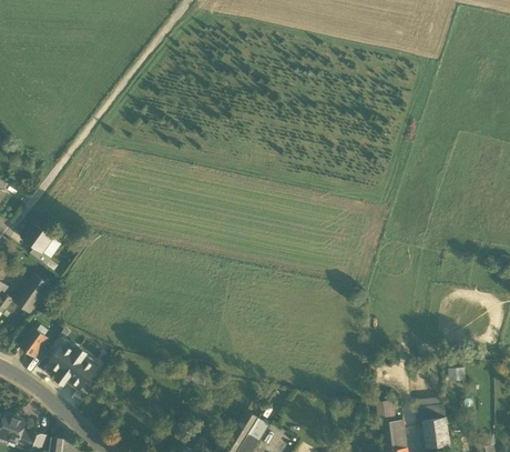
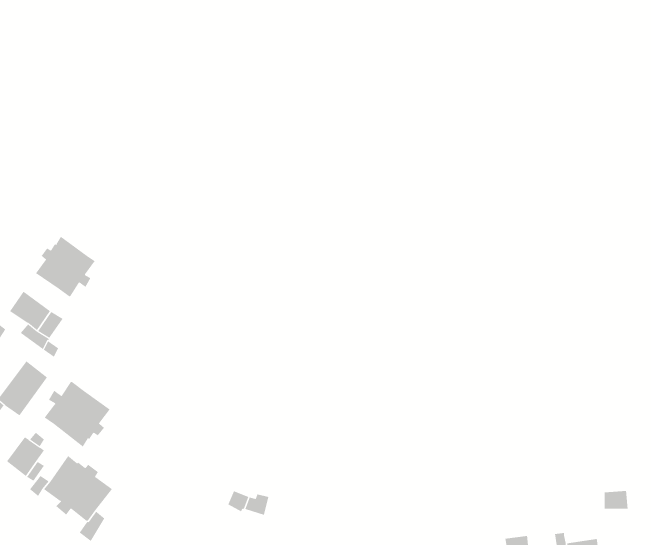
building: none -> [35,236,95,297]
building: none -> [44,381,110,448]

